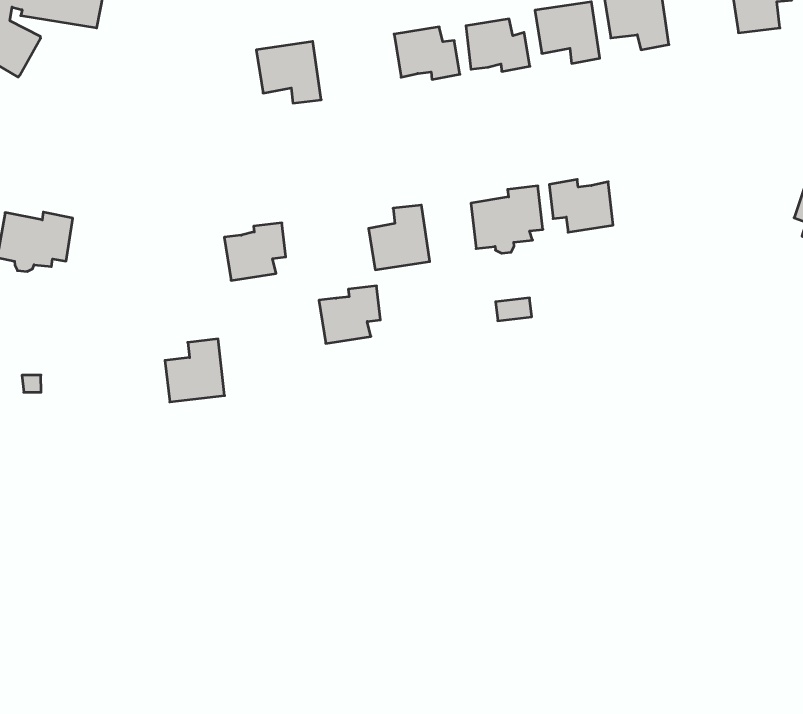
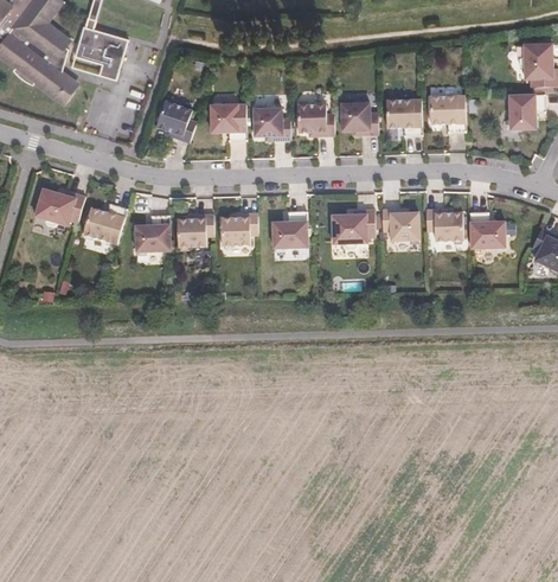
building: none -> [252,107,290,139]
building: none -> [155,100,195,141]
building: none -> [469,209,505,245]
building: none -> [425,206,462,238]
building: none -> [83,203,127,242]
building: [319,286,380,343] -> [220,212,257,244]
building: [165,339,225,402] -> [135,215,169,250]

